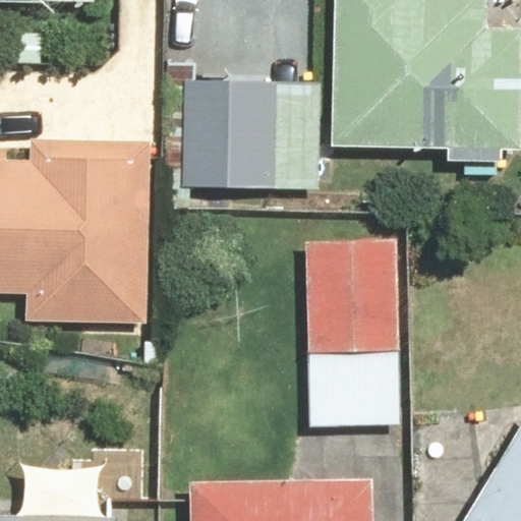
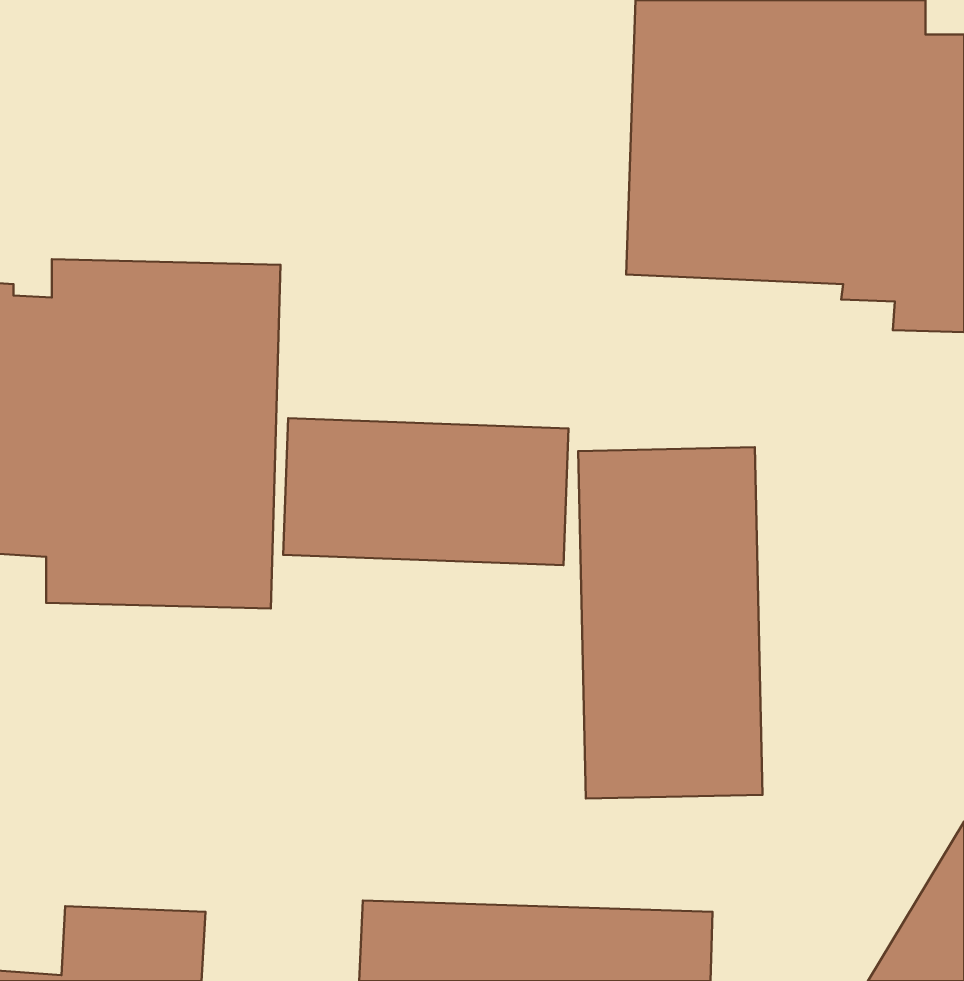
building: [180,75,321,189] -> none
building: none -> [283,418,568,565]

